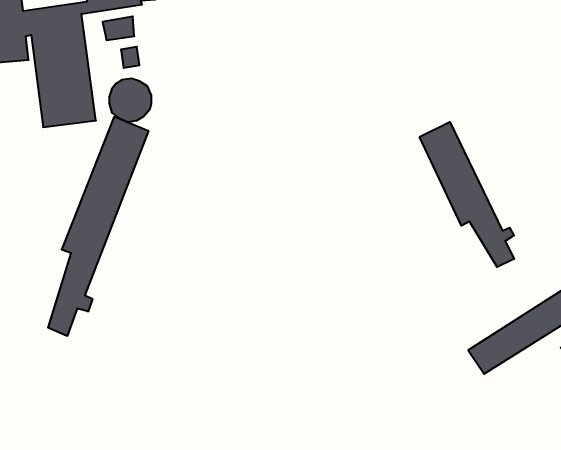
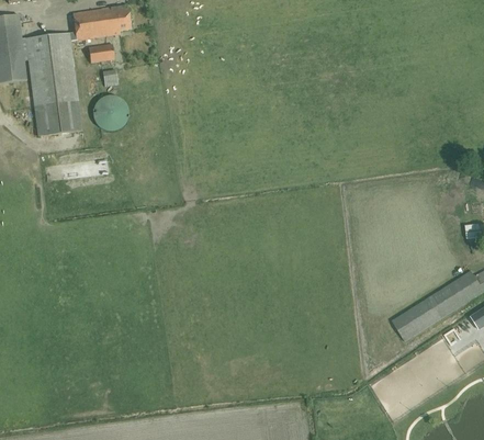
building: [48,117,148,336] -> none
building: [420,122,514,267] -> none

